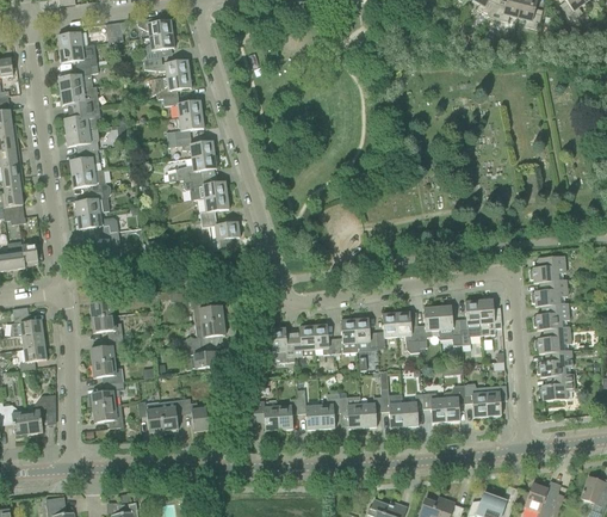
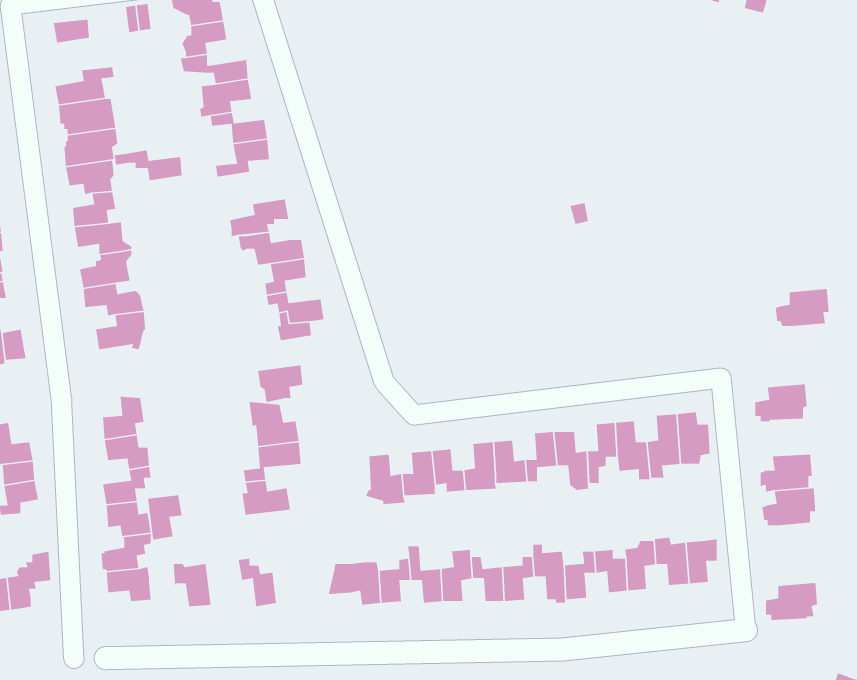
building: [58,44,97,67] -> none
building: [167,136,213,158] -> [114,150,183,181]
building: [528,256,565,282] -> [775,288,829,327]
building: none -> [257,365,303,403]
building: [532,303,569,330] -> none
building: [538,374,574,400] -> [765,582,818,621]
building: [160,399,184,430] -> [147,495,182,540]

